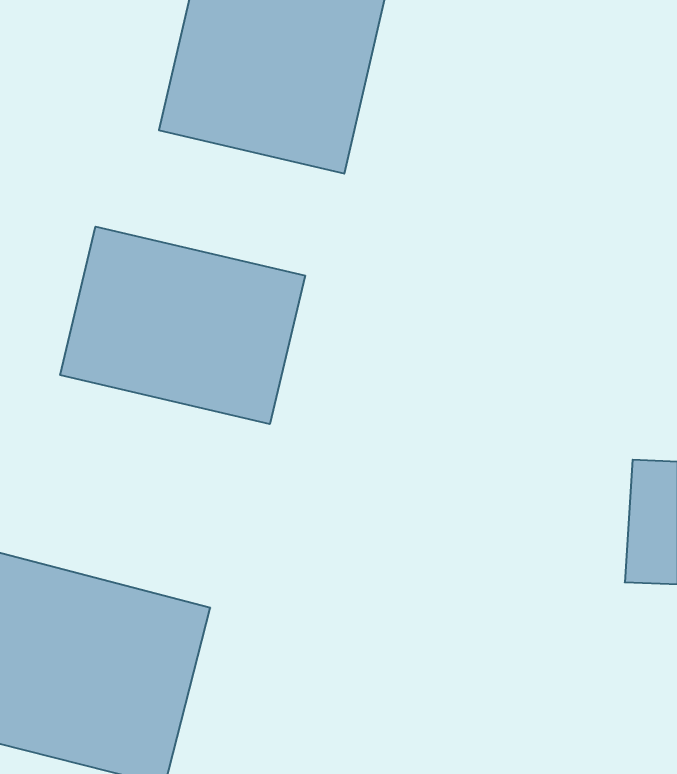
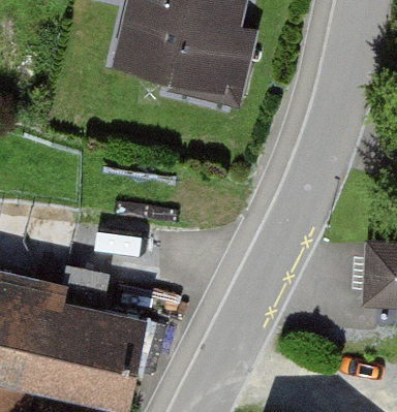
building: [60,227,305,424] -> none

